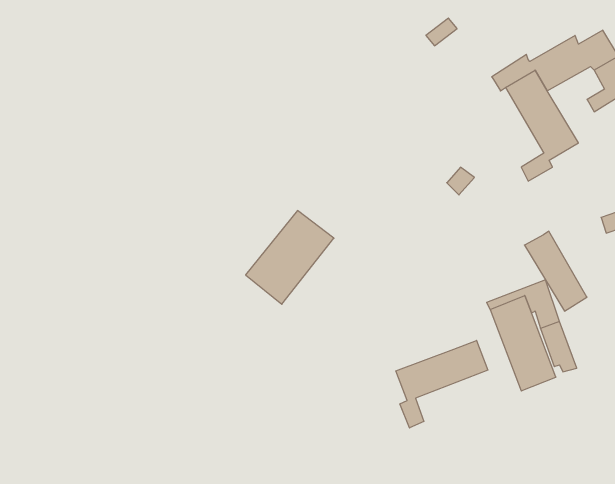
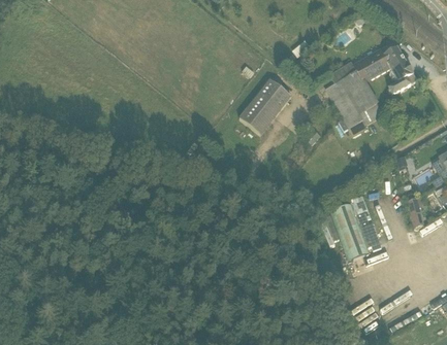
building: [246,211,334,304] -> [240,78,292,134]
building: [524,231,587,311] -> [325,79,362,127]
building: [396,340,488,428] -> none

